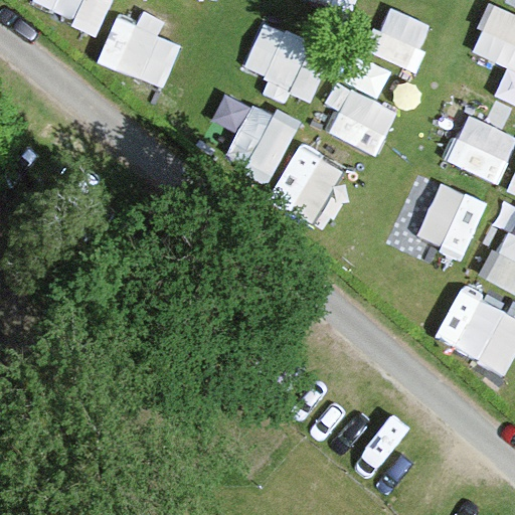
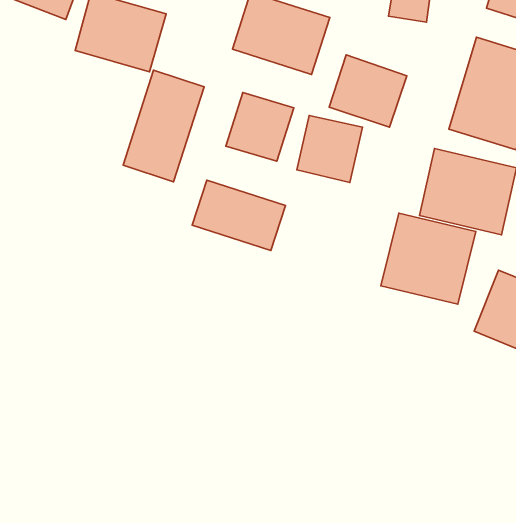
building: none -> [123,70,204,182]
building: none -> [192,180,285,250]
building: none -> [381,213,476,304]

